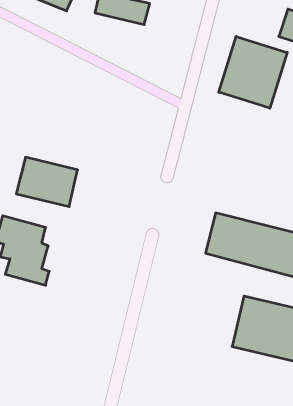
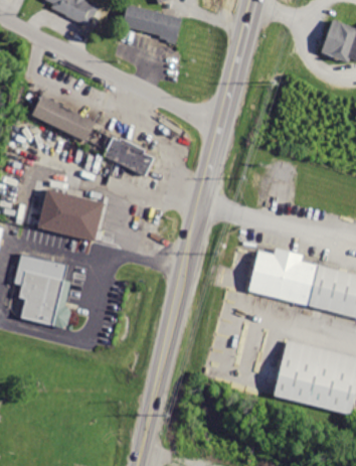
building: [219,36,287,108] -> none
building: none -> [30,94,98,145]
building: none -> [104,134,156,174]

